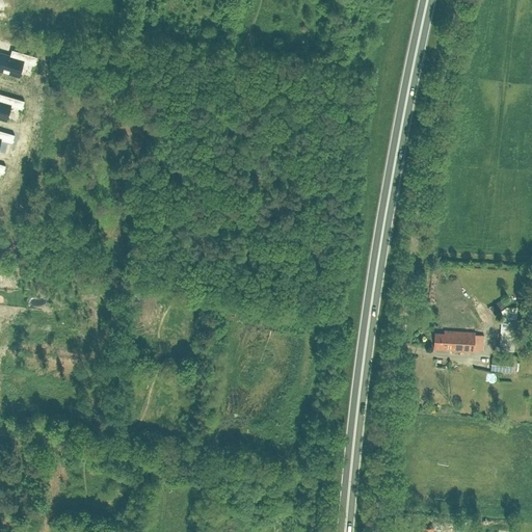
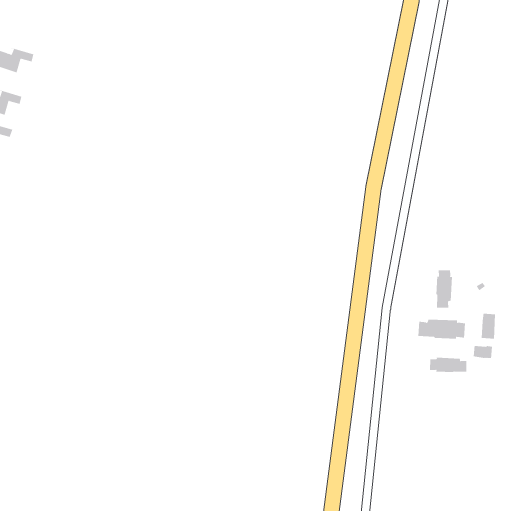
building: none -> [436,269,452,309]
building: none -> [430,357,467,373]

